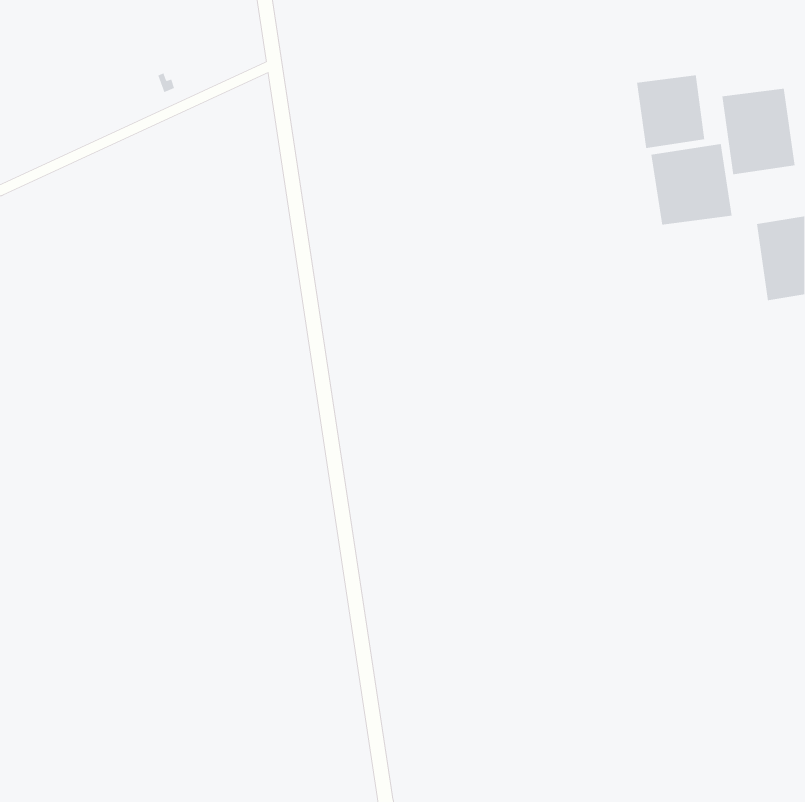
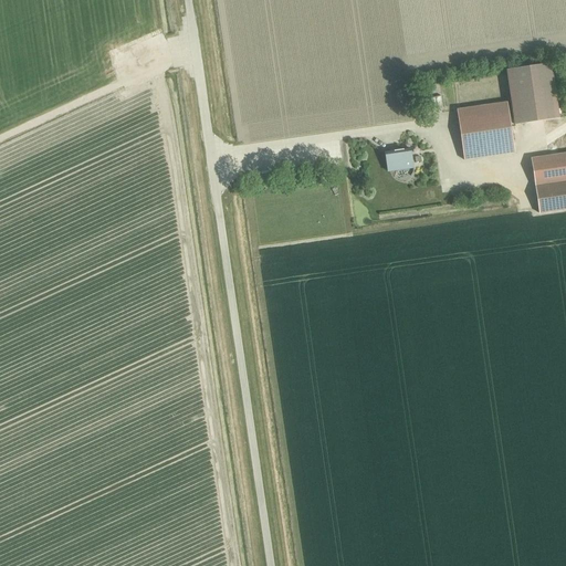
building: [637,74,705,149] -> none
building: none -> [385,147,413,170]

